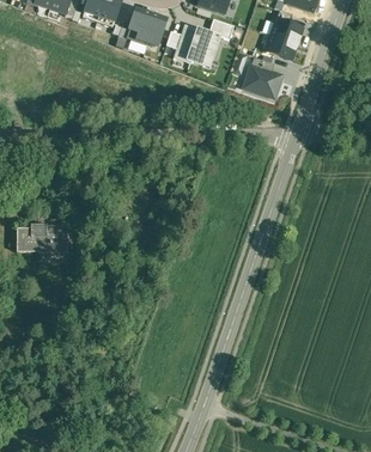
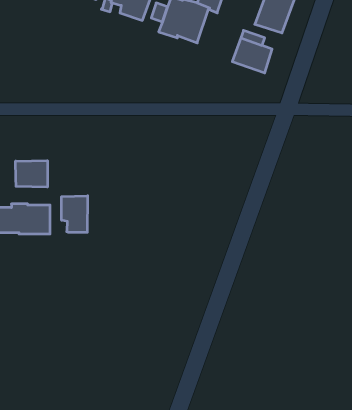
building: none -> [16,161,47,187]
building: none -> [62,196,88,232]

